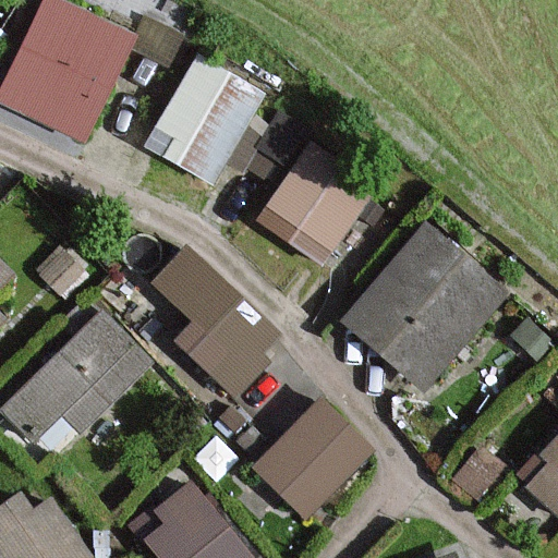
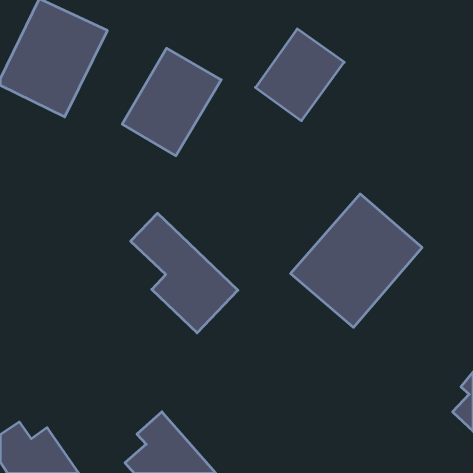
building: [259,151,364,259] -> [255,29,344,121]
building: [4,313,151,442] -> none
building: [255,405,364,514] -> none

